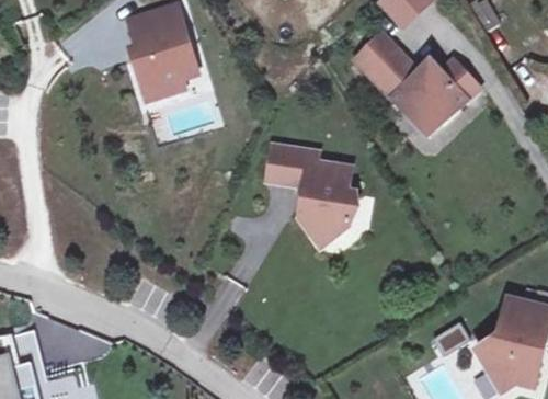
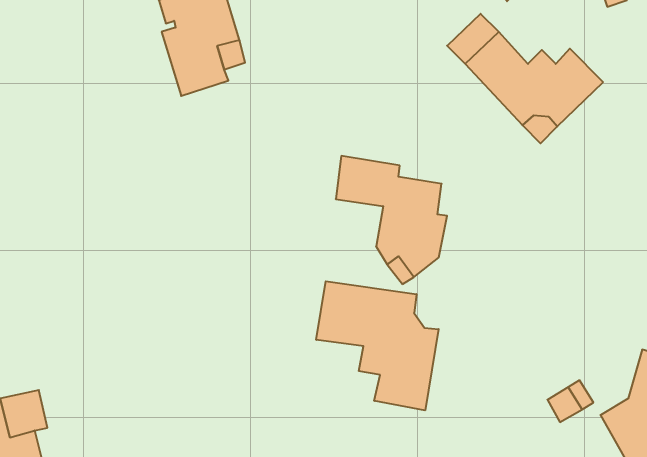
building: none -> [316,281,439,410]

